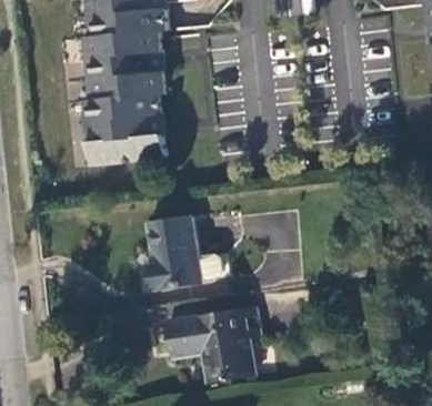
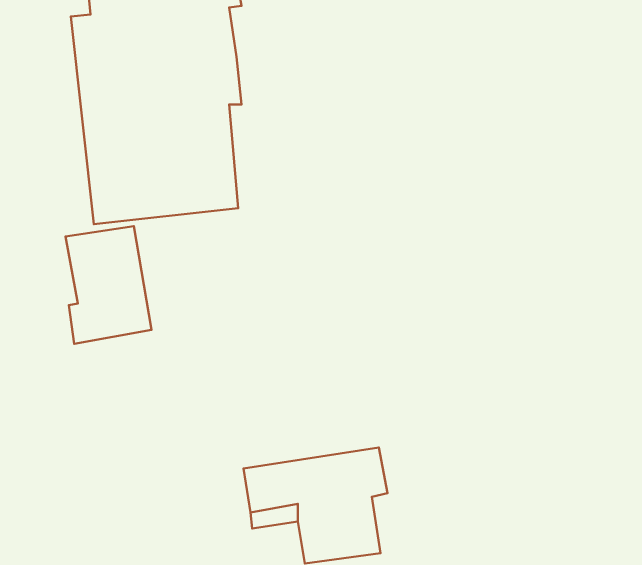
building: [148,214,202,288] -> [65,226,152,344]

